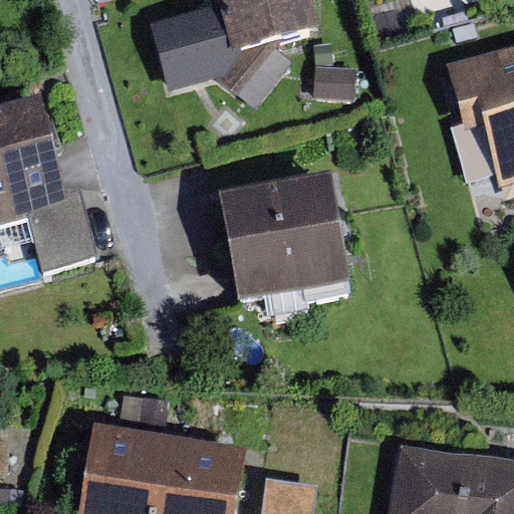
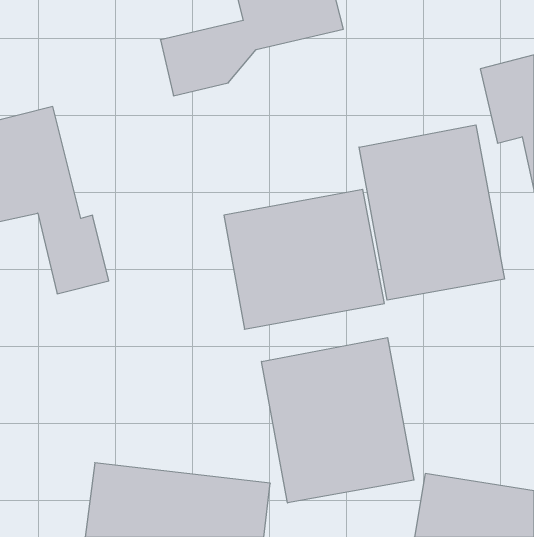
building: none -> [359,125,504,300]
building: none -> [262,338,414,503]

